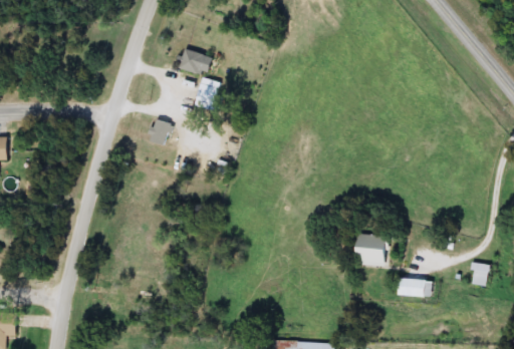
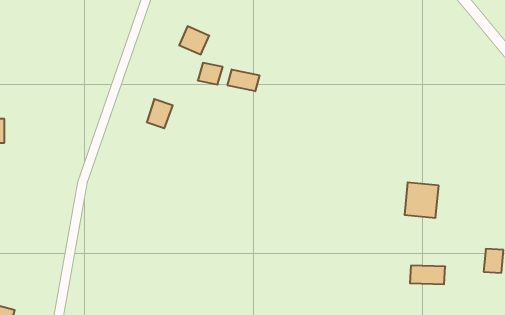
building: none -> [228,69,259,91]
building: [358,234,392,268] -> [404,182,439,218]

